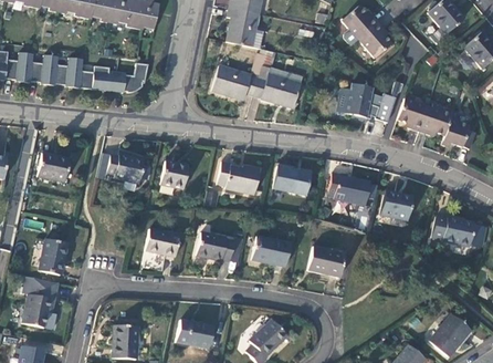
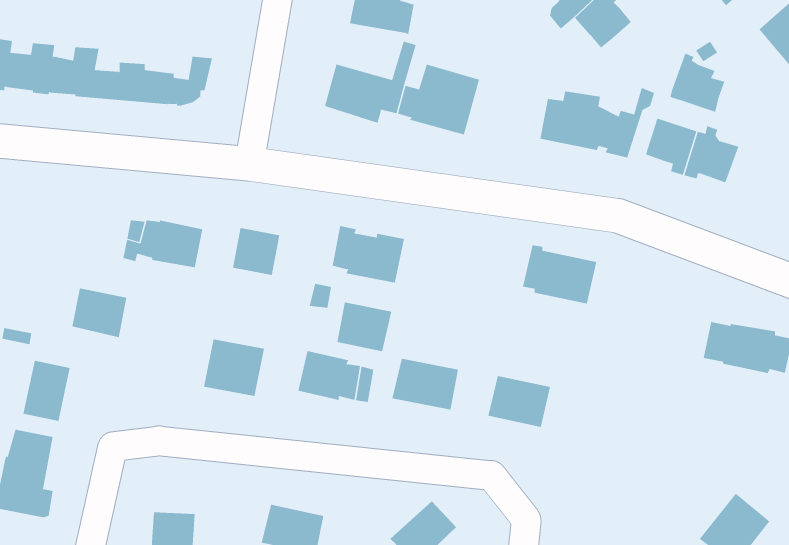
building: [443,114,475,148] -> [670,53,725,112]
building: [39,153,71,181] -> [71,288,127,338]
building: [274,165,306,194] -> [337,302,392,352]
building: [386,193,423,224] -> none

